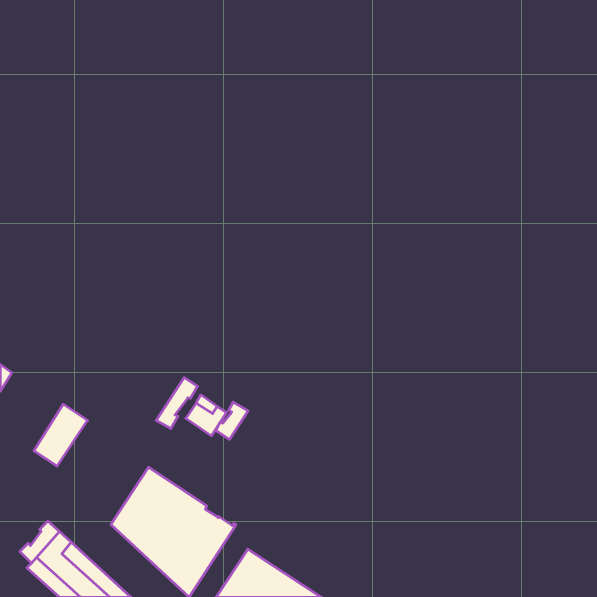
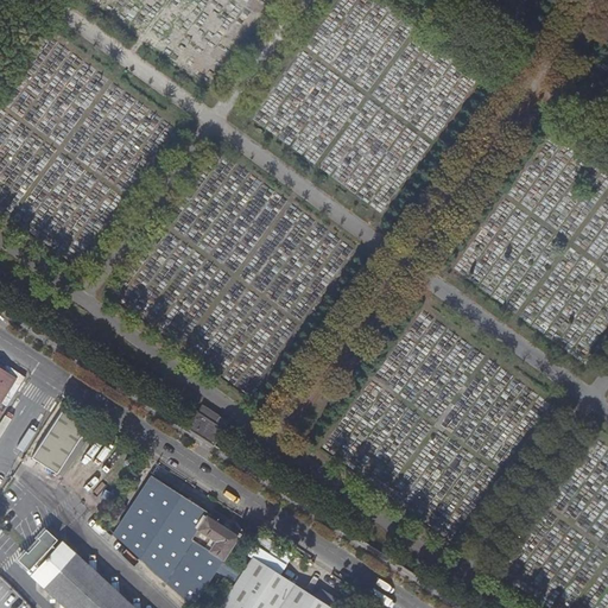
building: [156,378,198,429] -> none
building: [216,402,248,439] -> none

